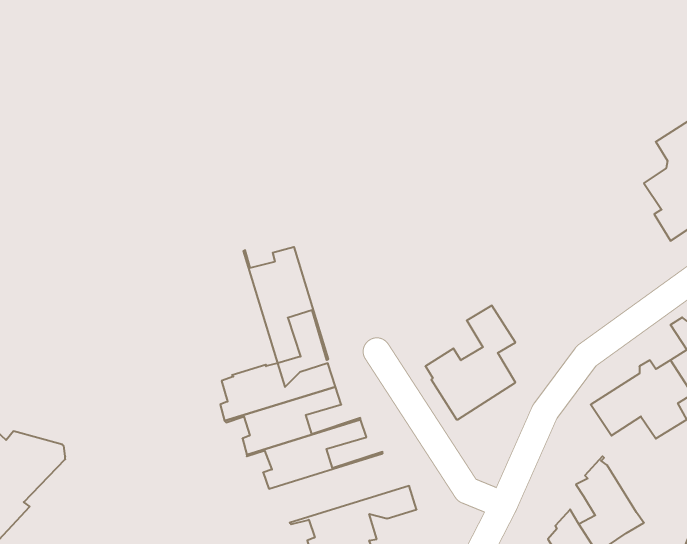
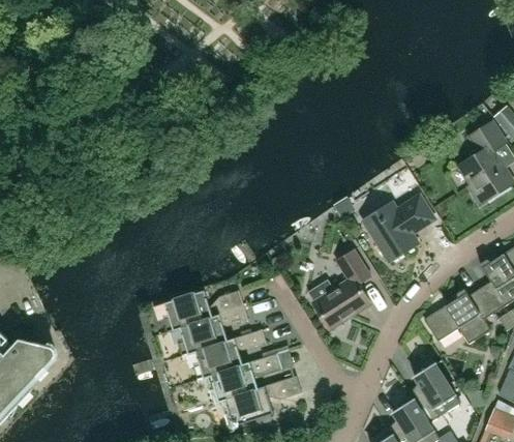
building: none -> [363,195,435,262]
building: [243,247,328,363] -> none
building: none -> [199,354,297,403]

